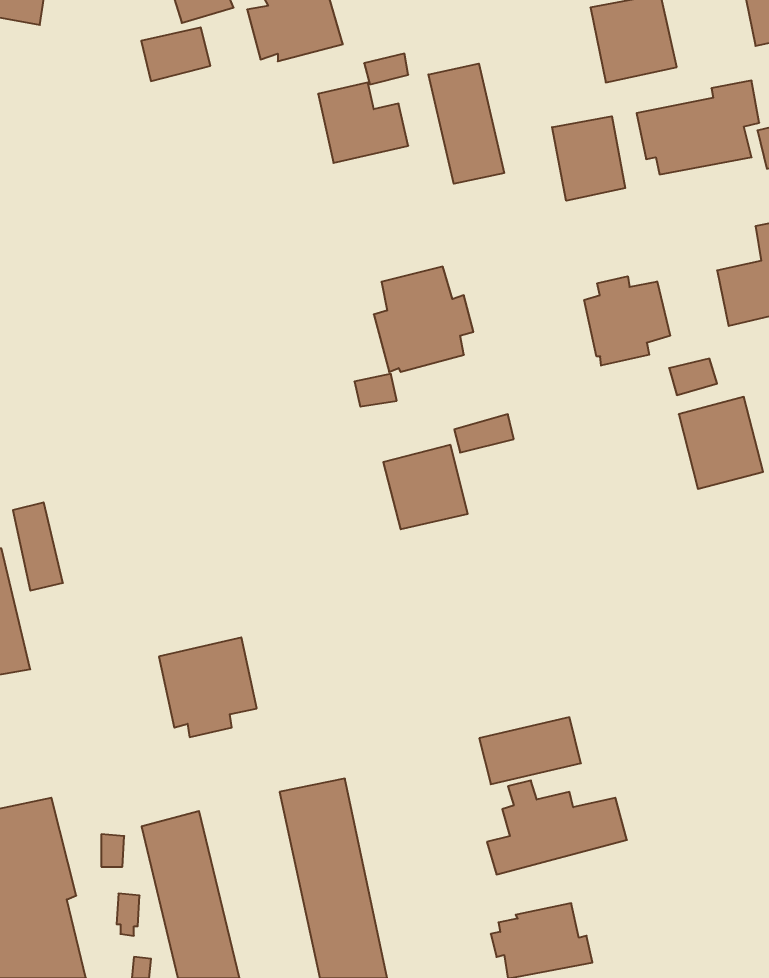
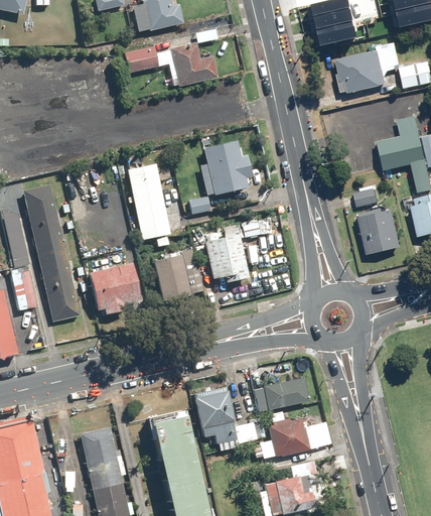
building: [141,27,210,81] -> [123,45,159,74]
building: [428,64,504,184] -> none
building: [552,116,625,201] -> none
building: [584,276,670,366] -> none
building: none -> [126,163,171,241]
building: none -> [22,182,78,321]
building: none -> [153,249,202,301]
building: [159,637,257,737] -> [90,264,141,316]
building: none -> [193,384,238,443]

